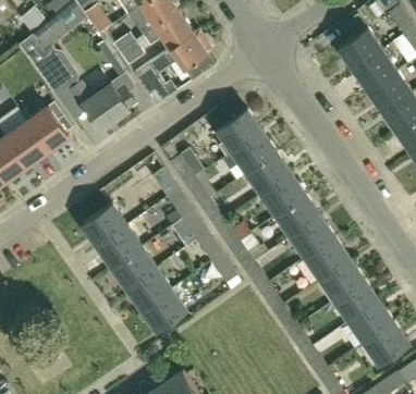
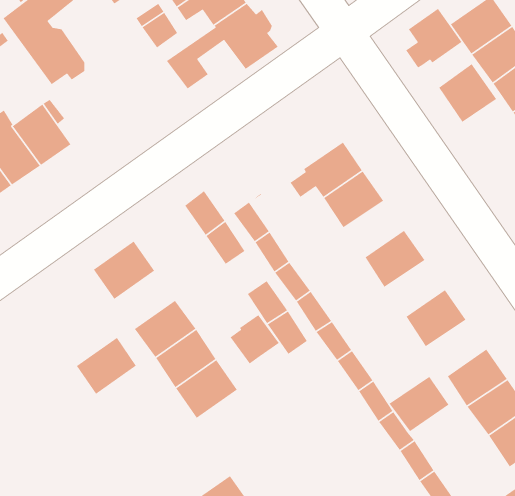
building: none -> [405,8,463,68]
building: none -> [438,63,497,123]
building: [68,81,135,127] -> none
building: [218,111,261,159] -> none
building: [168,148,203,184] -> none
building: [261,175,305,216] -> none
building: [171,211,207,247] -> [230,314,280,364]
building: [291,218,334,258] -> none
building: [98,225,142,267] -> [76,337,137,395]
building: [320,260,364,300] -> [388,376,449,432]

